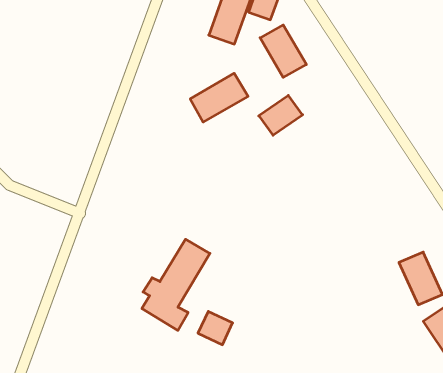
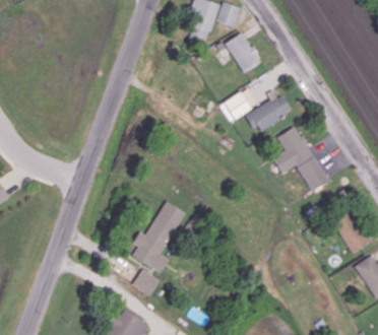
building: [190,73,248,122] -> [247,93,293,132]
building: none -> [272,126,328,191]
building: [198,311,233,345] -> [132,269,160,295]

